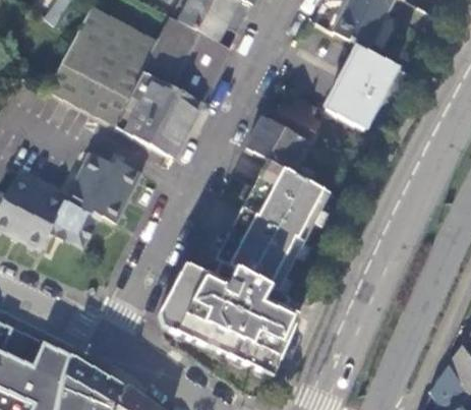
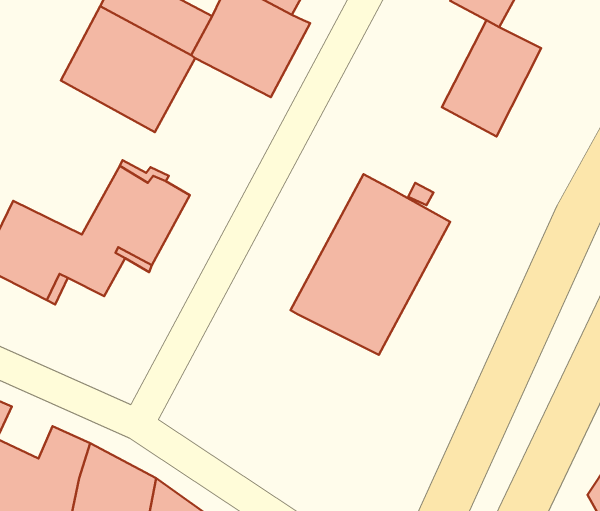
building: [117,73,201,157] -> none
building: [247,97,319,169] -> none
building: [160,259,296,374] -> none

